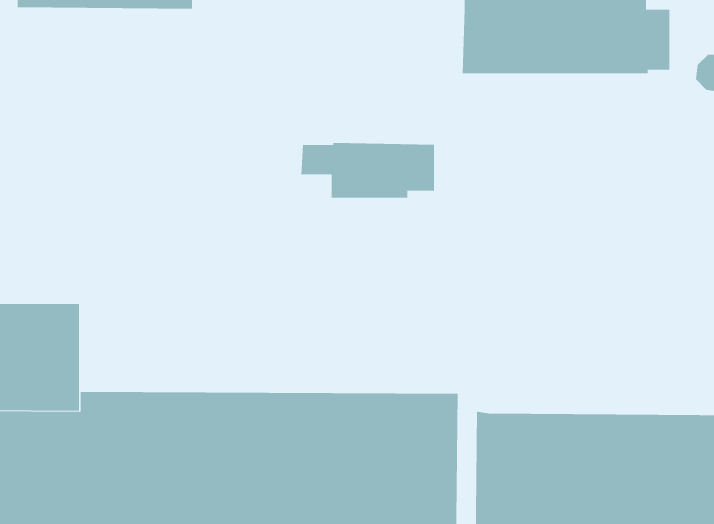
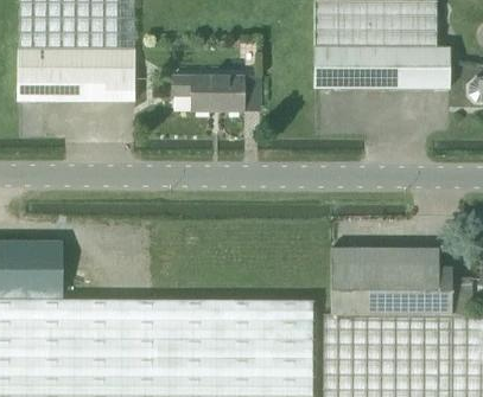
building: none -> [17,45,134,102]
building: [300,143,435,198] -> [171,75,260,111]
building: none -> [330,246,470,314]

